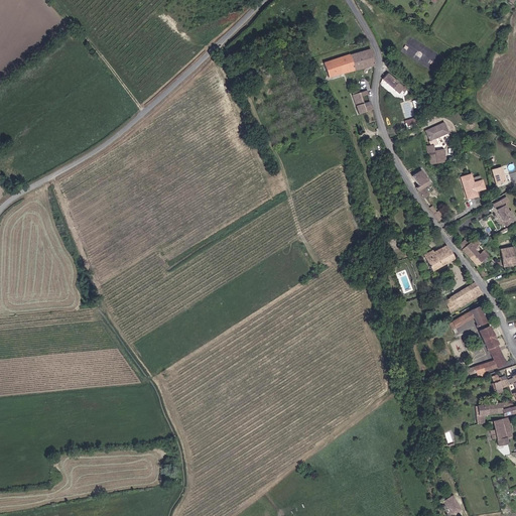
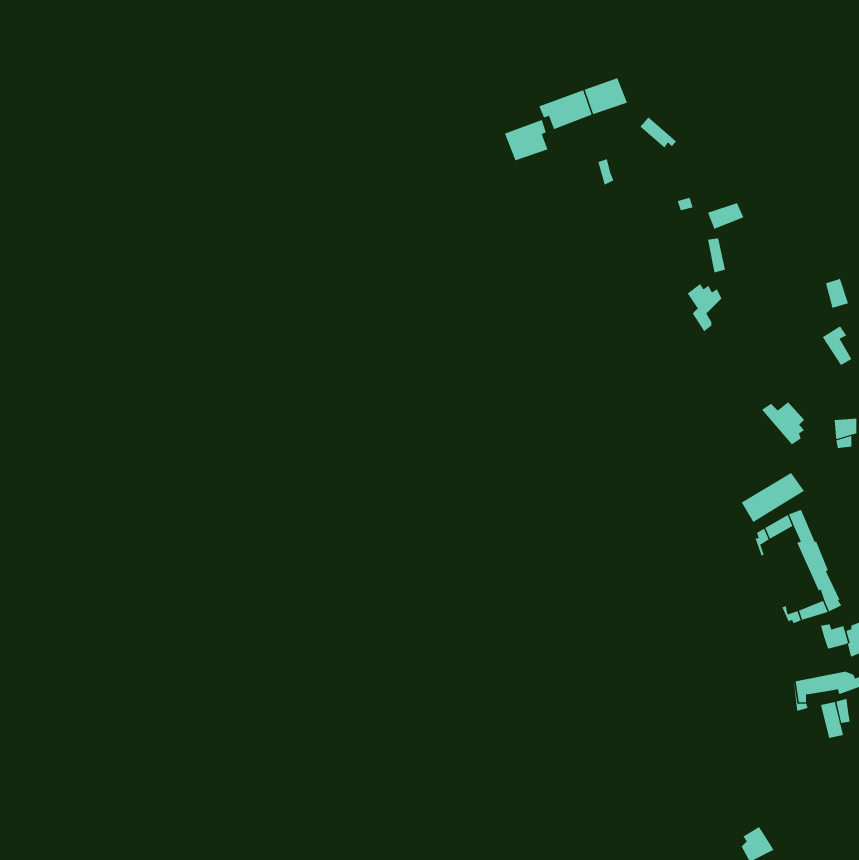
building: none -> [504,119,548,161]
building: [463,174,488,202] -> none
building: [423,246,456,272] -> none

